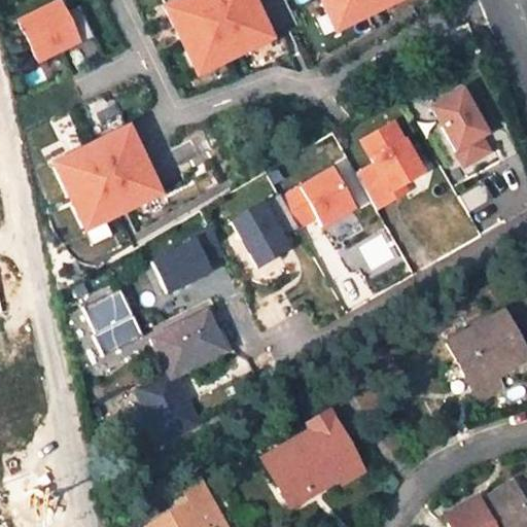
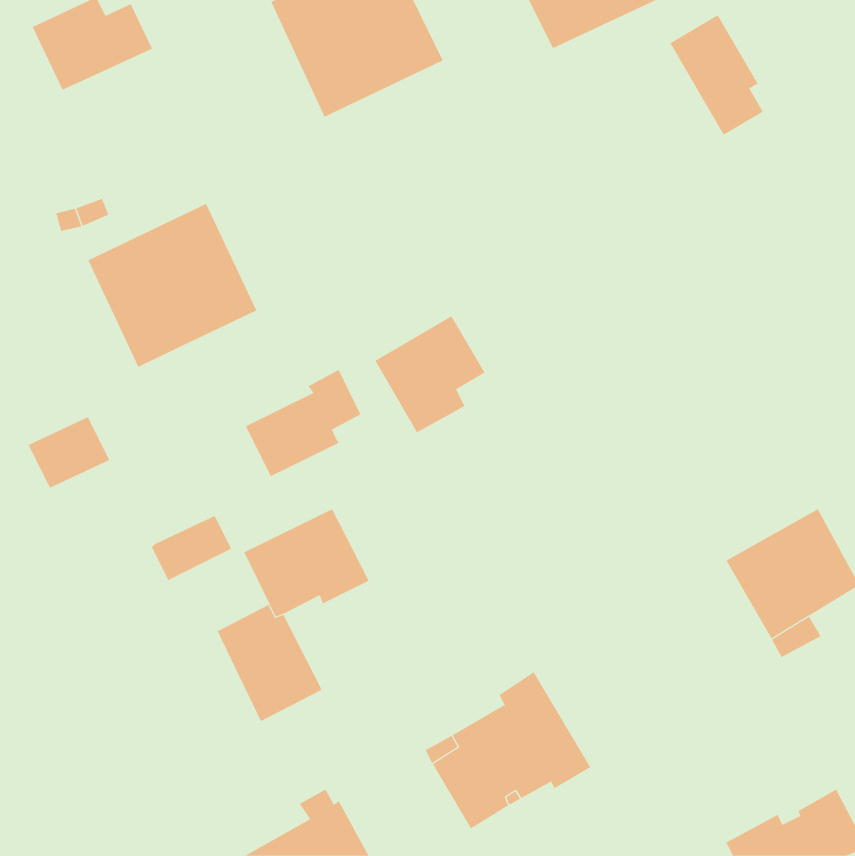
building: [432,92,490,166] -> [669,15,763,135]
building: [357,124,423,209] -> none
building: [282,170,353,227] -> none
building: [83,289,134,333] -> [28,416,110,489]

